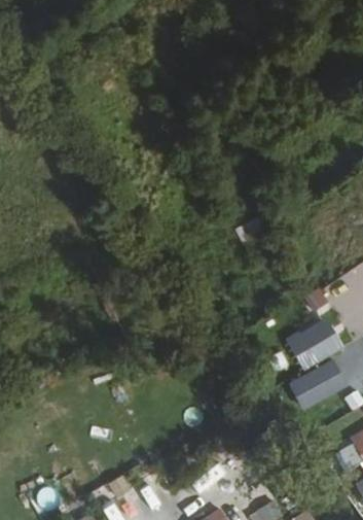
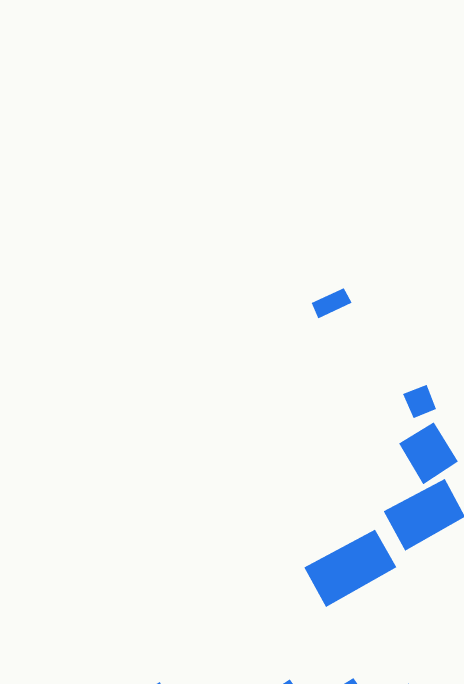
building: none -> [304,529,397,608]

